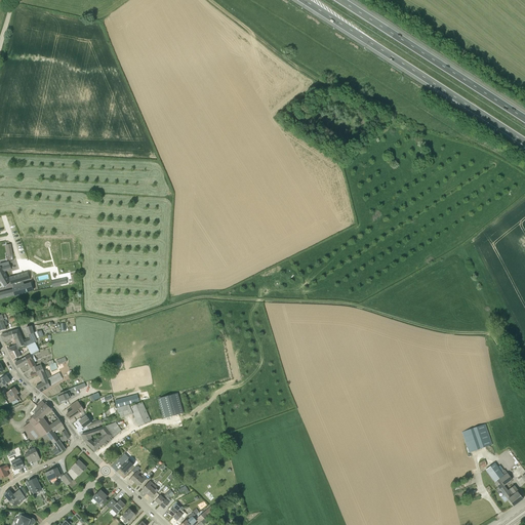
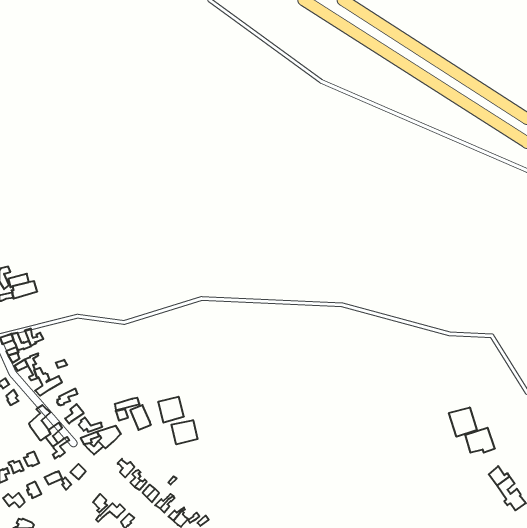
building: none -> [449,407,477,437]
building: none -> [171,420,198,444]

